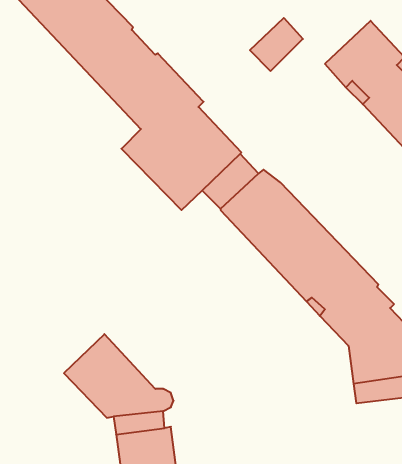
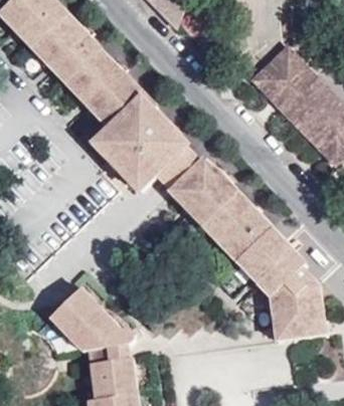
building: [250,18,303,71] -> none

